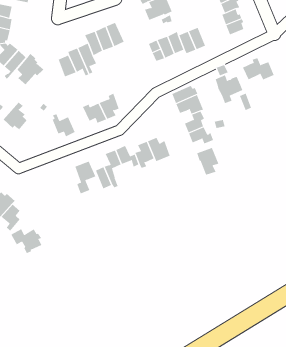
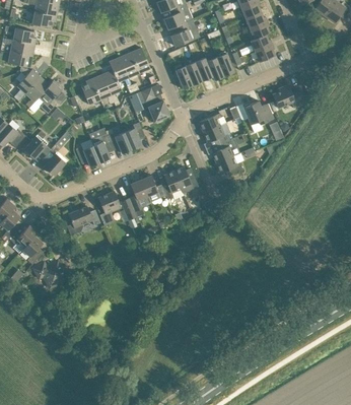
building: none -> [136,86,169,121]
building: none -> [90,133,114,161]
building: none -> [42,143,67,175]
building: [197,147,219,176] -> none
building: none -> [67,206,100,234]

